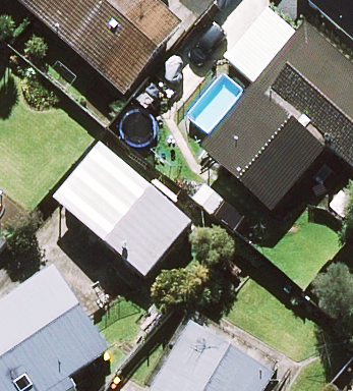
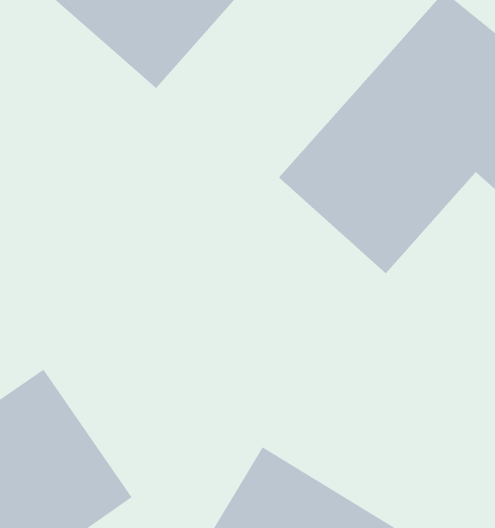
building: [54,143,190,273] -> none

